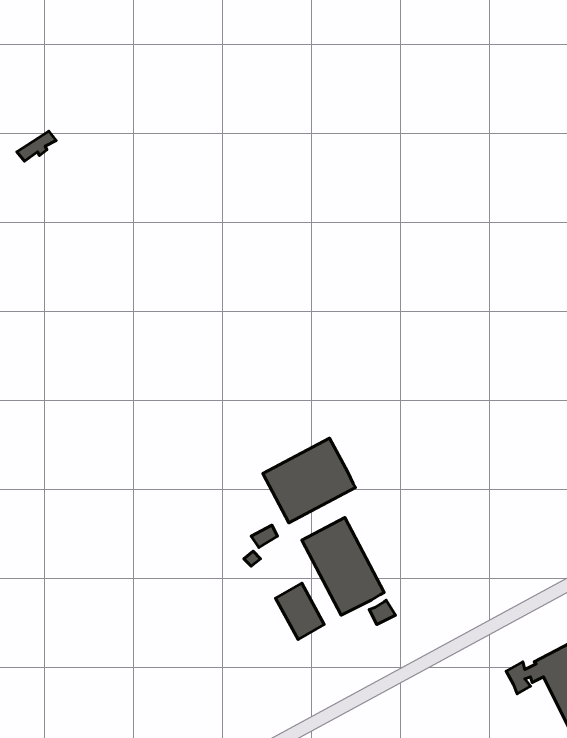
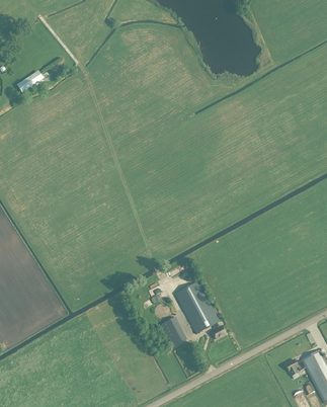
building: [263,438,356,523] -> none

